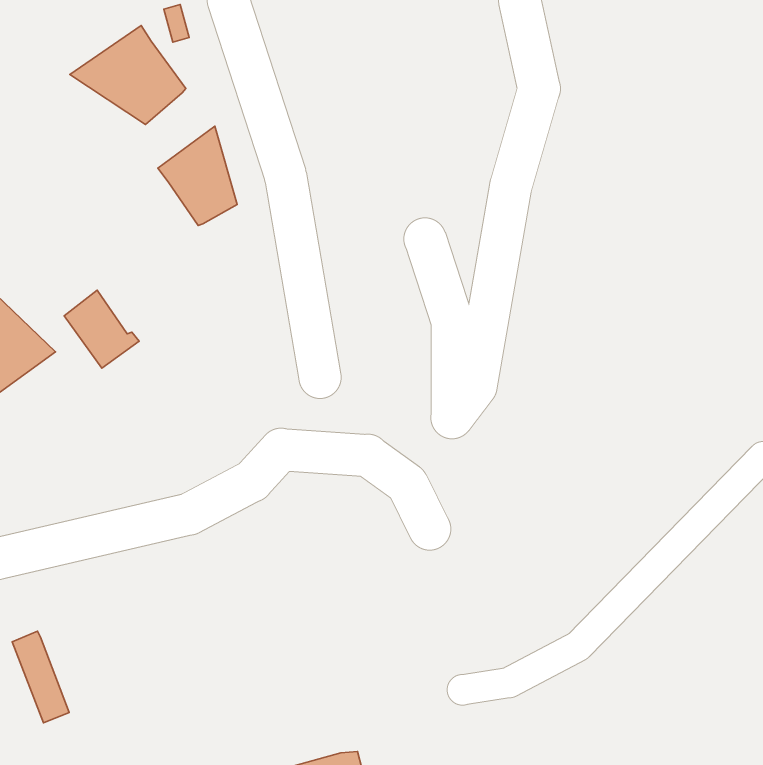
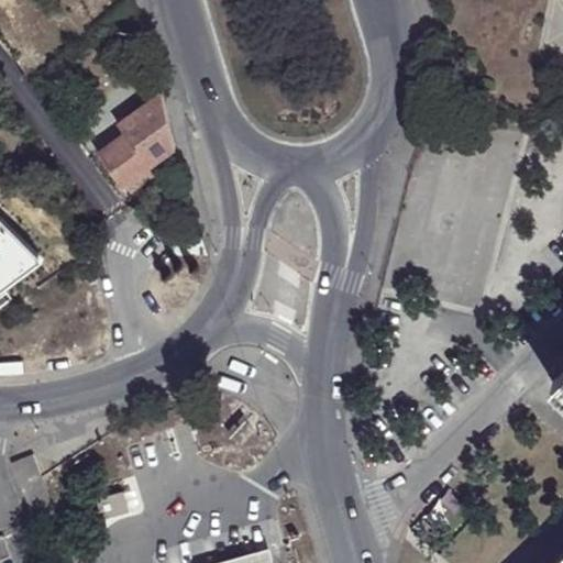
building: [70,25,186,124] -> none
building: [64,290,139,368] -> [99,135,154,192]

